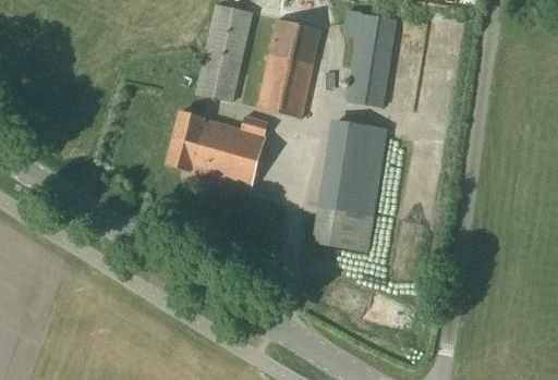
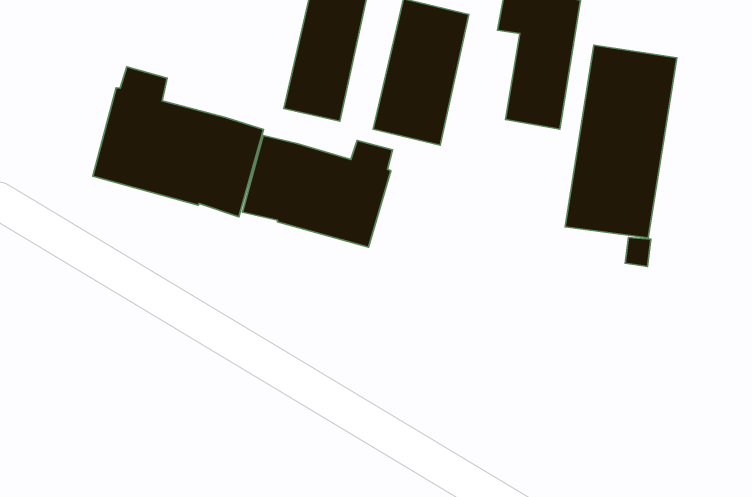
building: none -> [93,67,264,217]
building: [312,118,388,249] -> [565,45,677,238]

